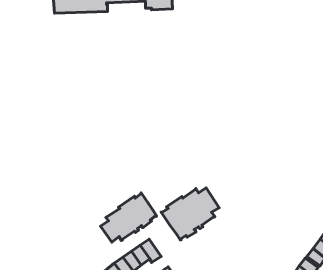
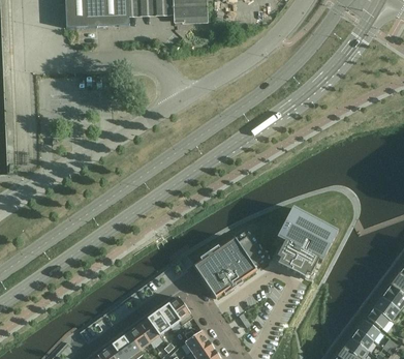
building: none -> [273,206,337,279]
building: [100,193,157,242] -> none

